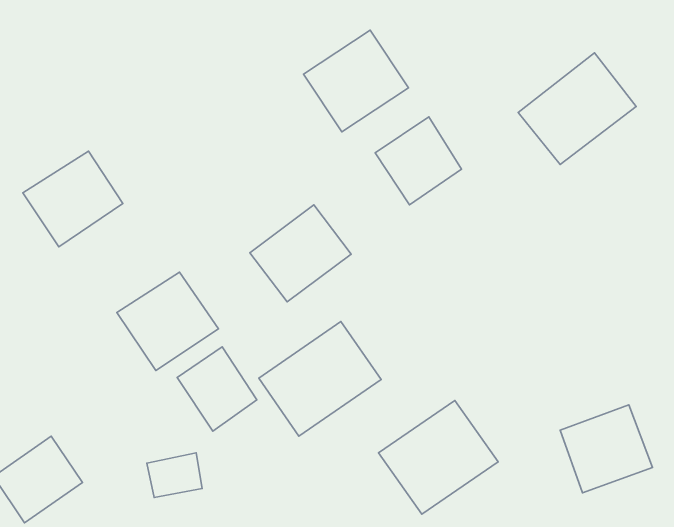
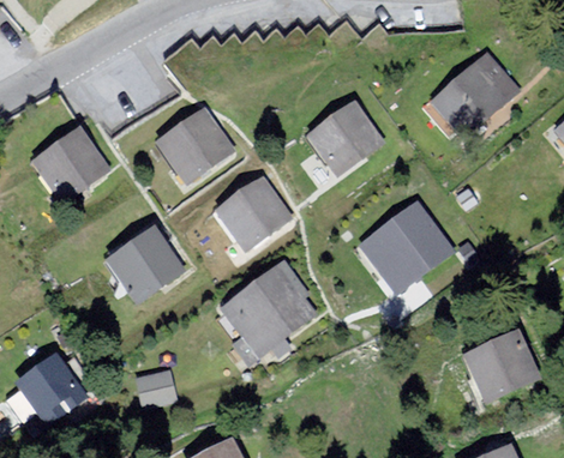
building: [303,30,409,132] -> none
building: none -> [152,103,234,182]
building: [177,347,257,431] -> none
building: [379,401,498,514] -> [358,201,454,293]

